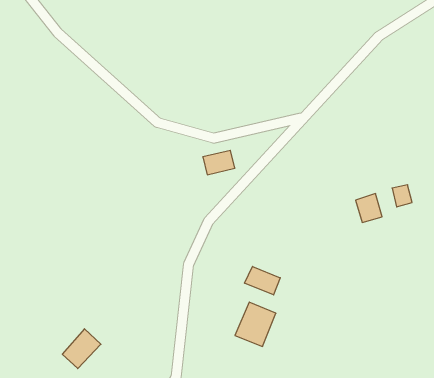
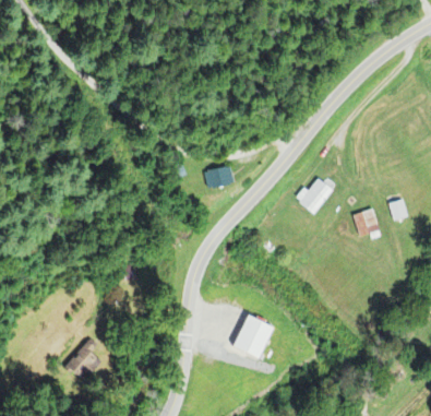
building: none -> [296,177,334,214]
building: [245,266,280,295] -> none

